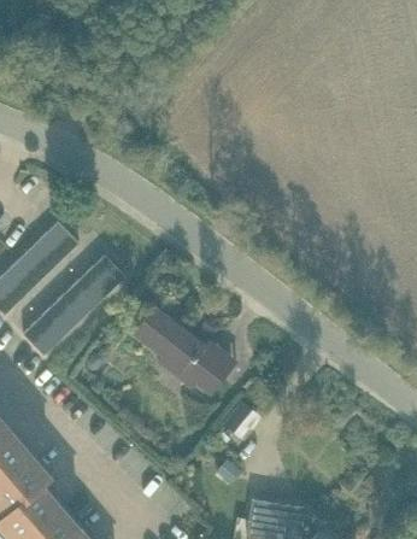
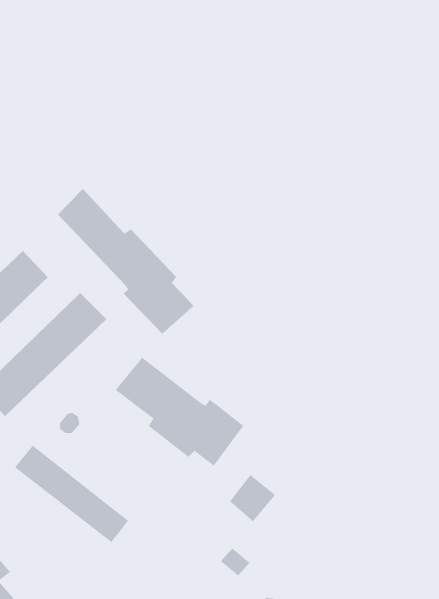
building: none -> [57,188,195,335]
building: none -> [14,445,129,543]

